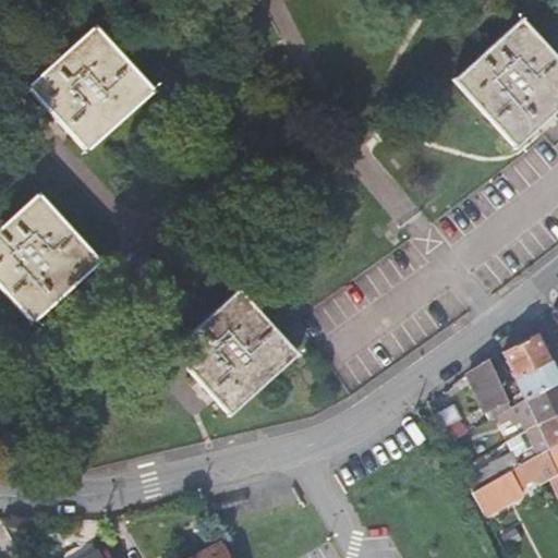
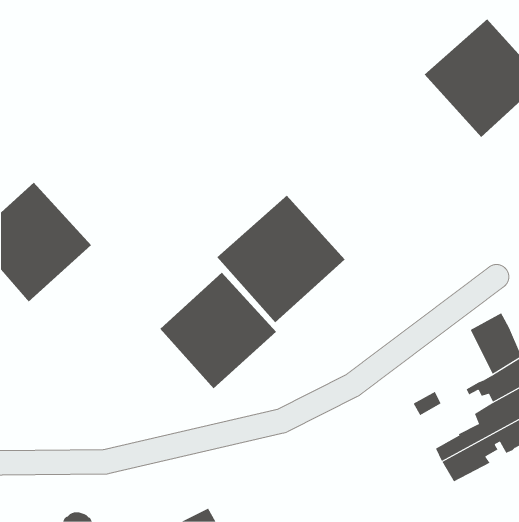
building: [29,27,155,151] -> none
building: none -> [217,195,346,323]
building: [470,361,513,421] -> none

